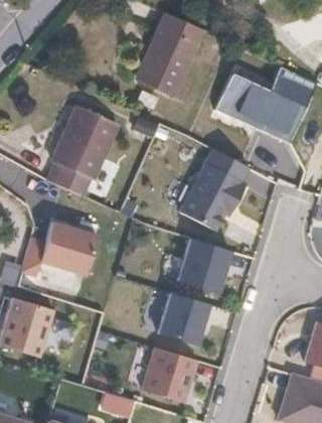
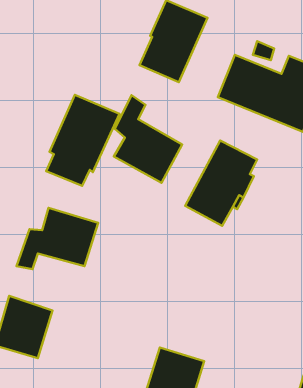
building: none -> [114,95,182,183]
building: [177,239,231,293] -> none
building: [154,285,207,343] -> none

